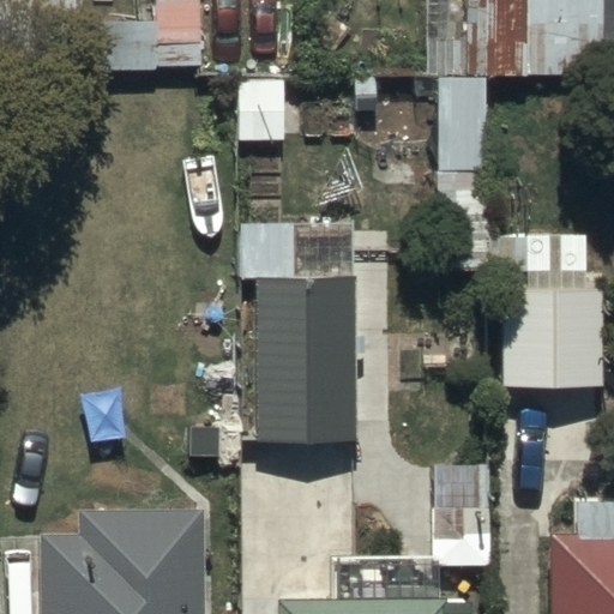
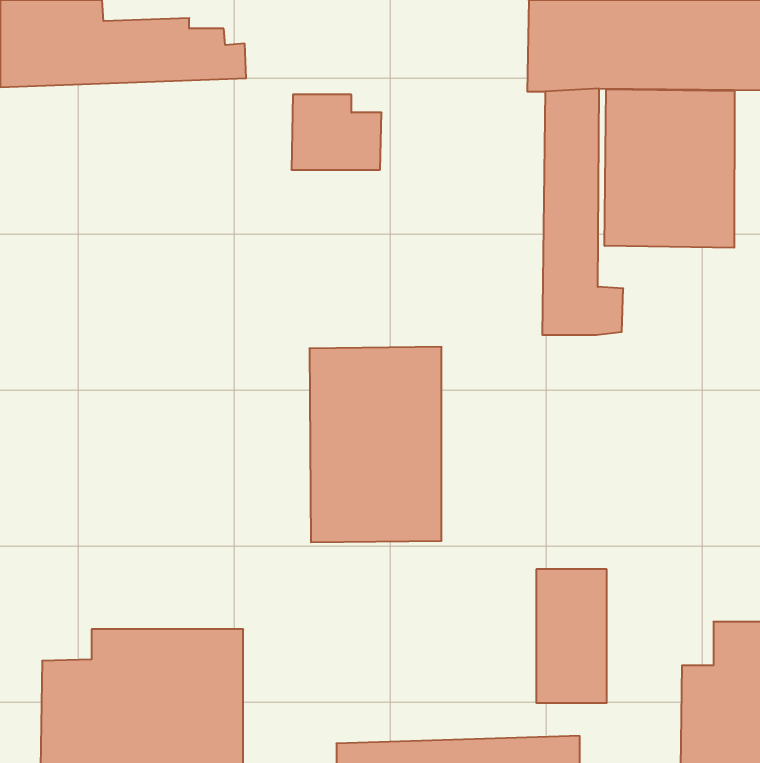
building: none -> [605,89,735,248]
building: [501,234,603,383] -> none

